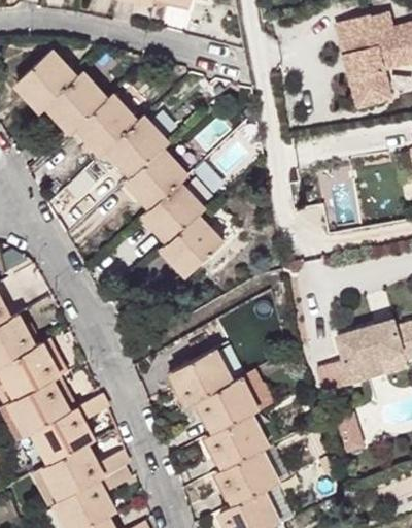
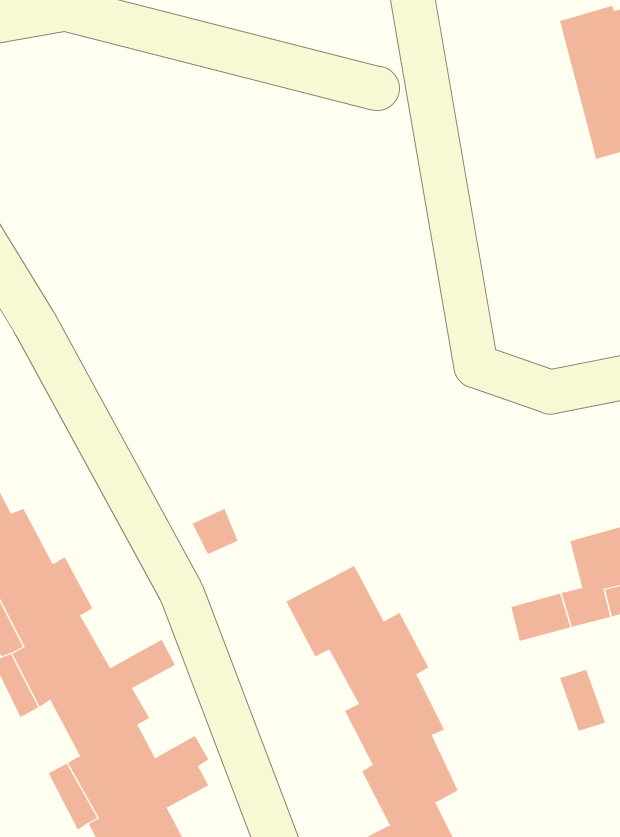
building: [16,48,222,274] -> none

